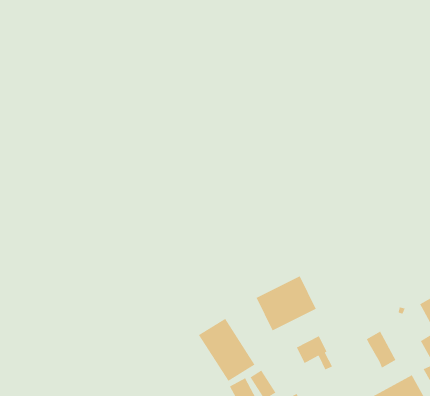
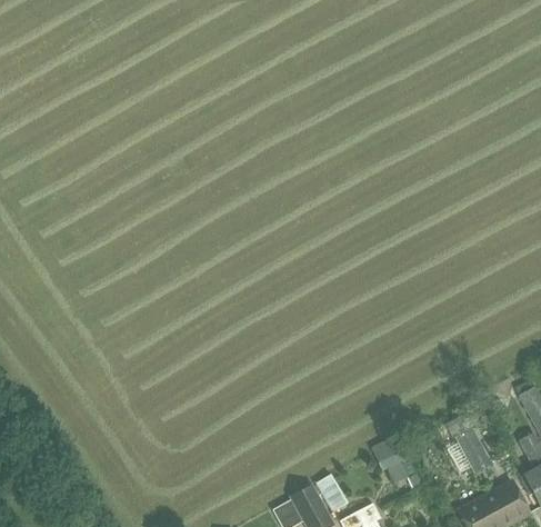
building: [255,275,317,331] -> none
building: [198,318,256,382] -> none

